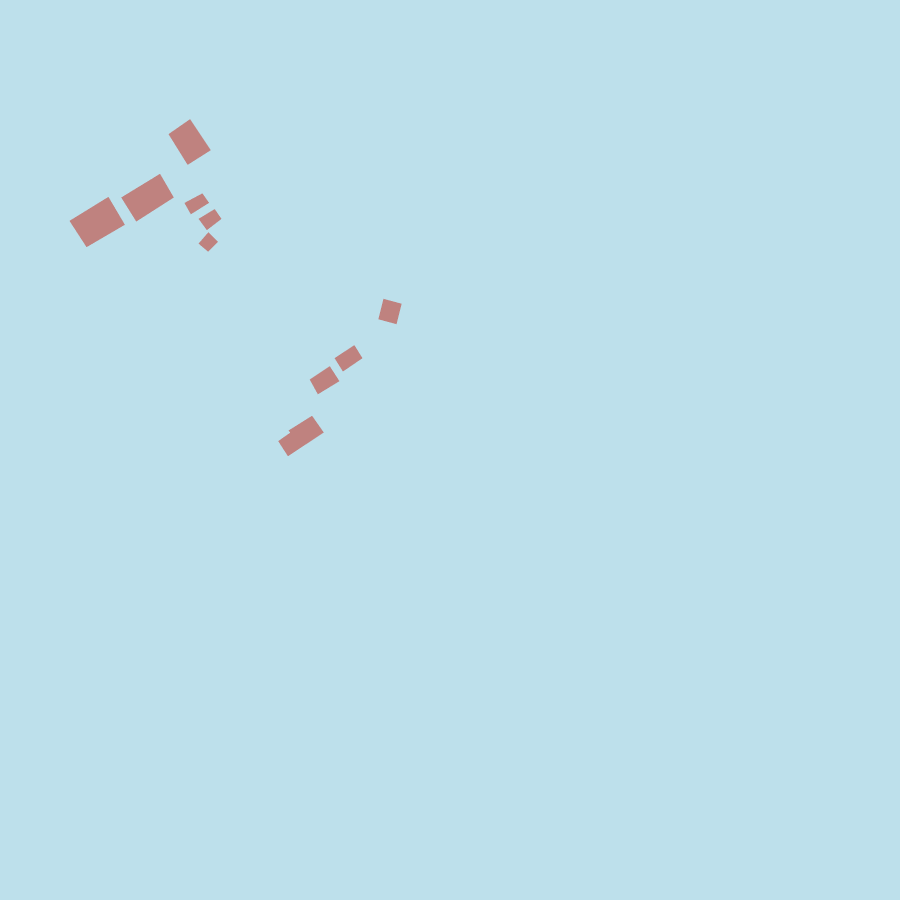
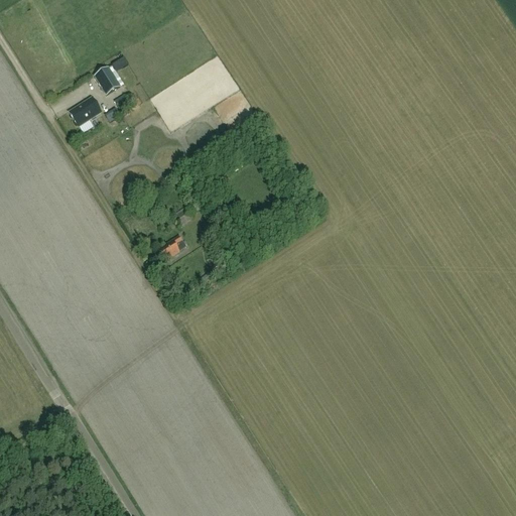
building: [69,196,126,248] -> none

